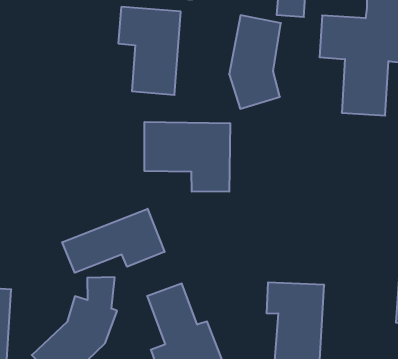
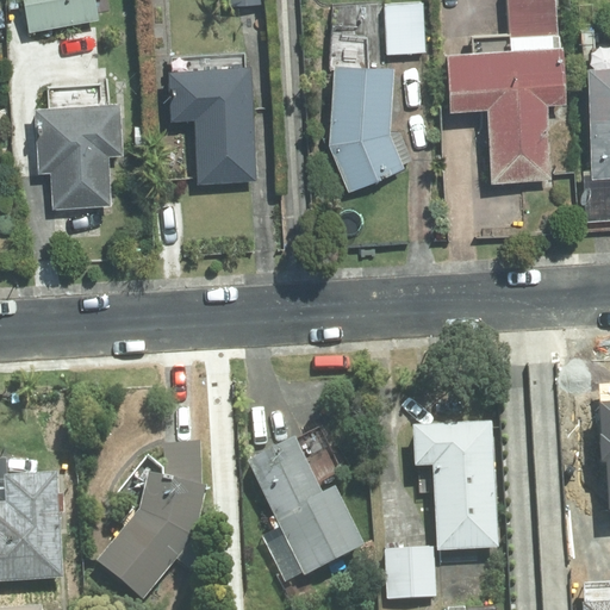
building: none -> [36,99,123,206]
building: [144,122,230,192] -> none
building: [62,209,165,273] -> none

